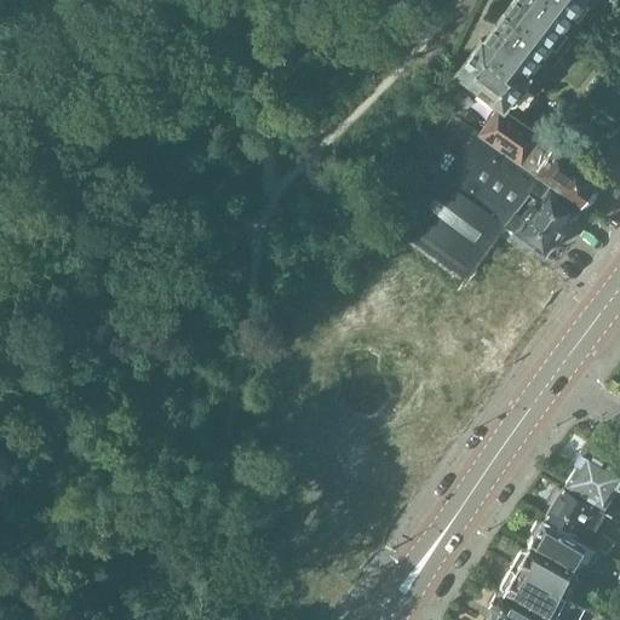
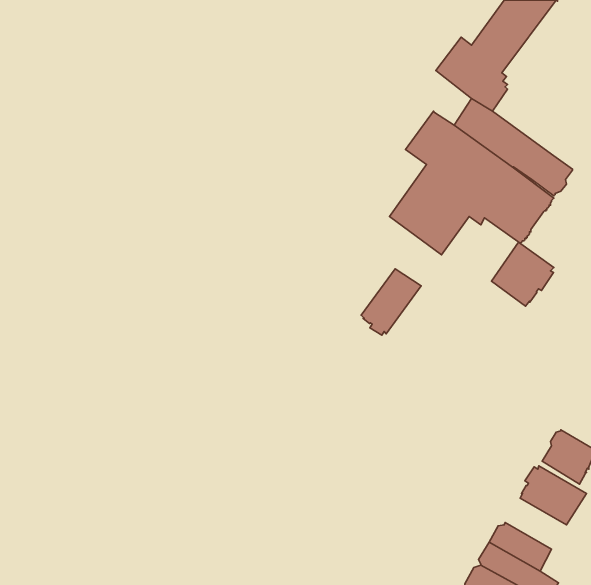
building: none -> [492,242,554,306]
building: none -> [361,269,421,335]
building: [528,528,593,581] -> none

